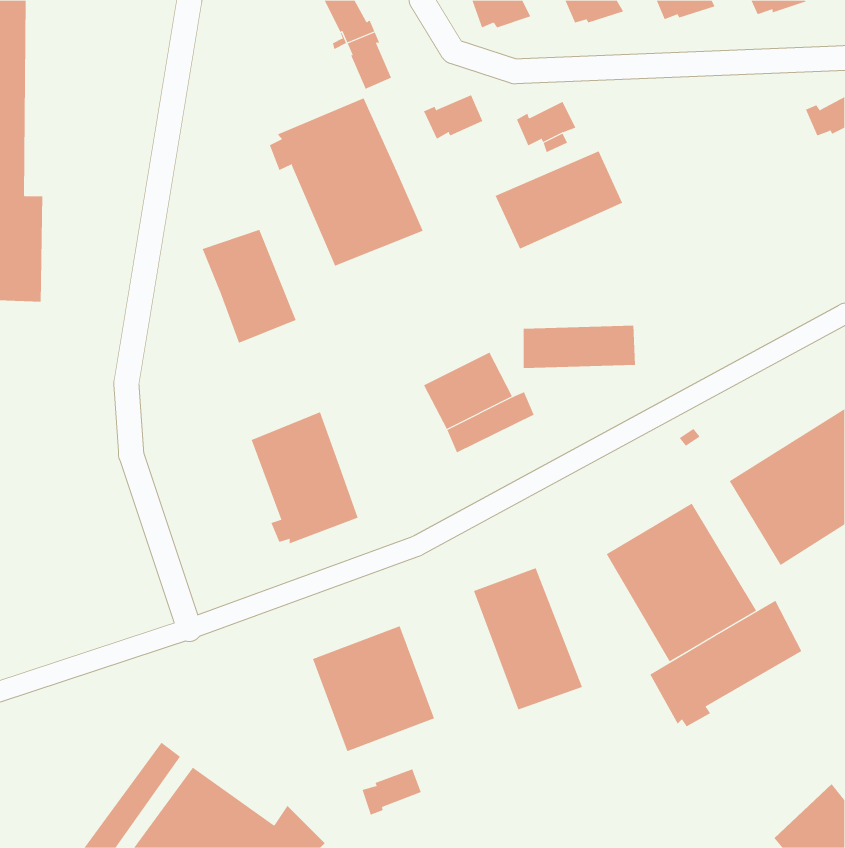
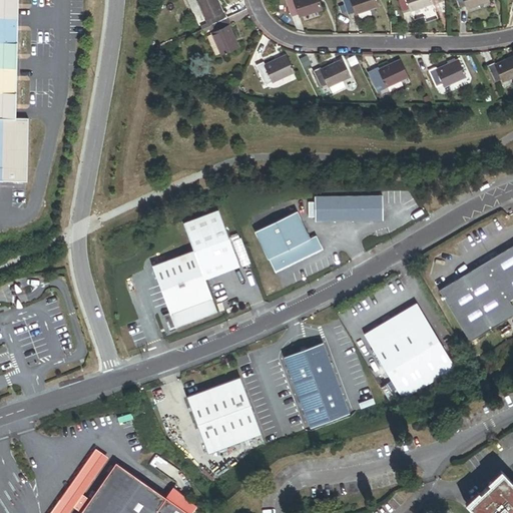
building: [269,97,423,267] -> none
building: none -> [370,61,406,88]
building: none -> [428,61,463,88]
building: [495,150,623,249] -> none
building: [202,229,296,344] -> [182,209,239,279]
building: [649,600,802,727] -> none
building: [362,769,422,816] -> none

